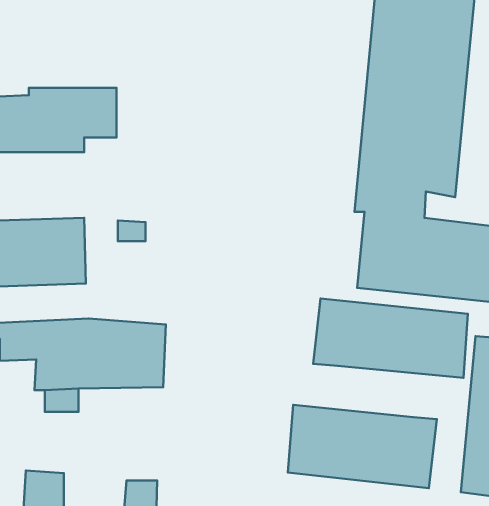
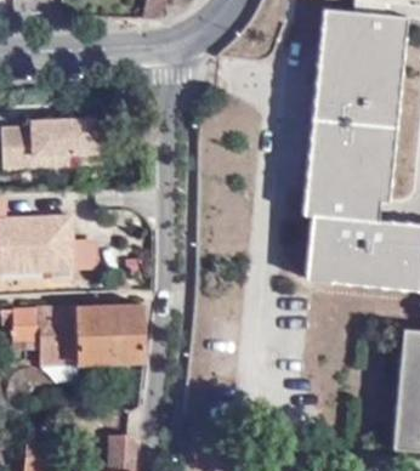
building: [313,299,468,378] -> none
building: [288,405,437,488] -> none

